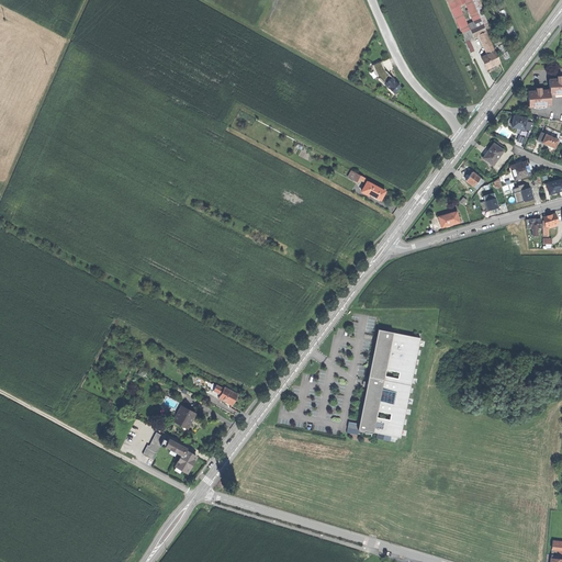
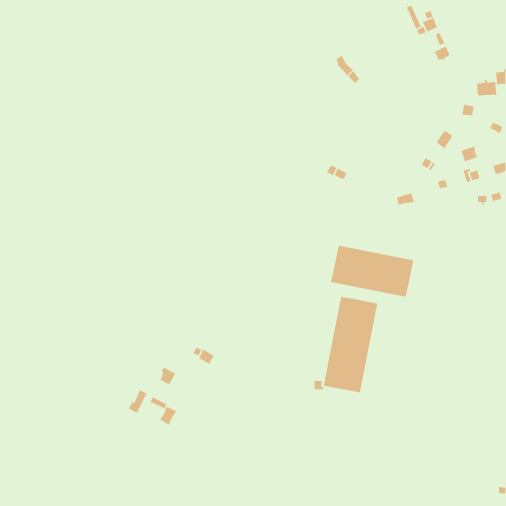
building: none -> [330,245,414,298]

